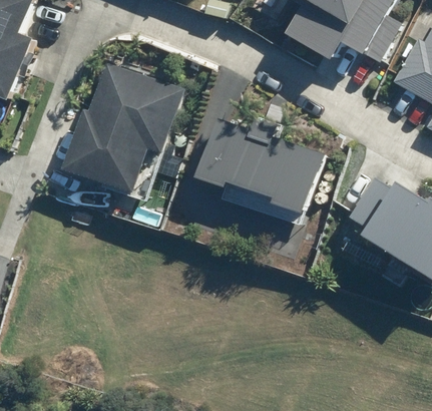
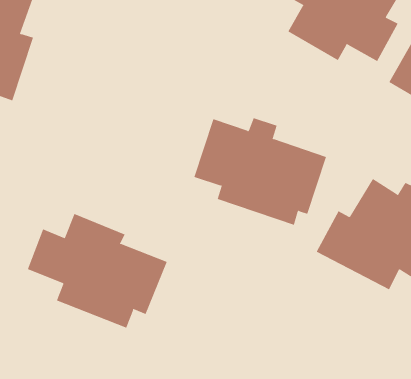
building: [72,48,177,181] -> none
building: none -> [27,213,168,328]

